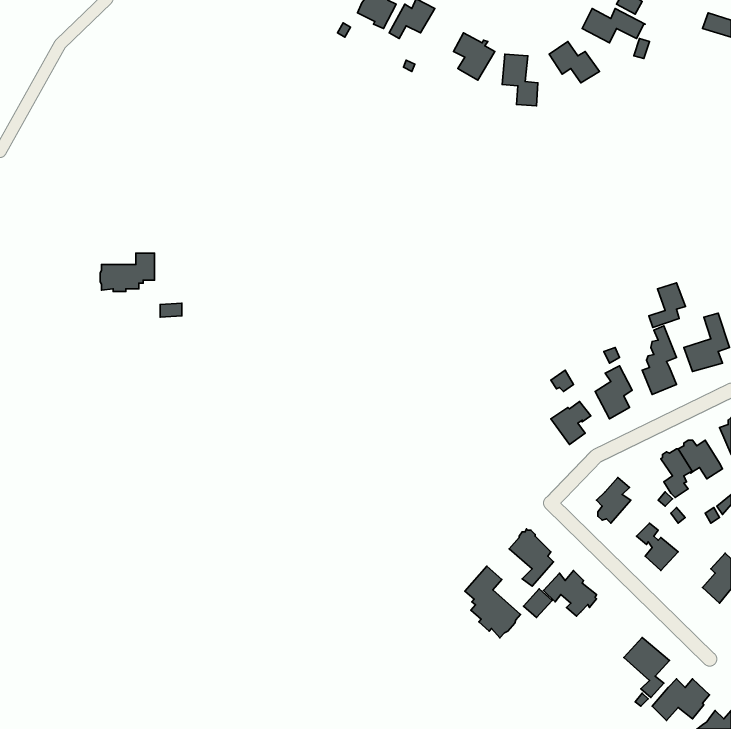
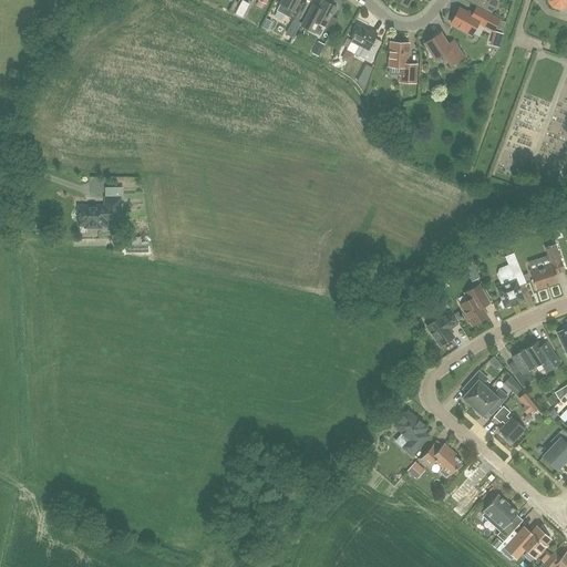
building: [649,283,685,327] -> none
building: none -> [473,388,507,414]
building: [465,566,521,638] -> none

